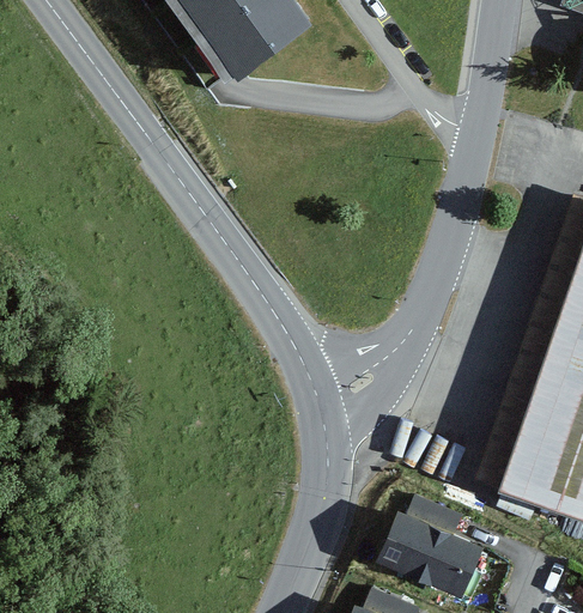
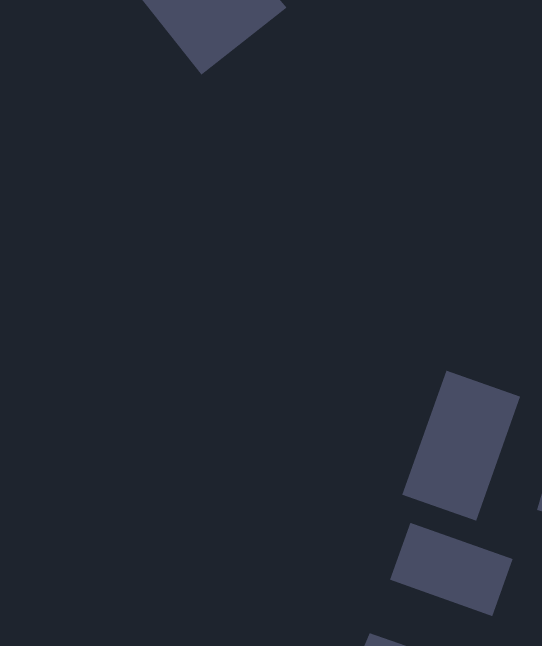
building: none -> [402,370,521,522]

